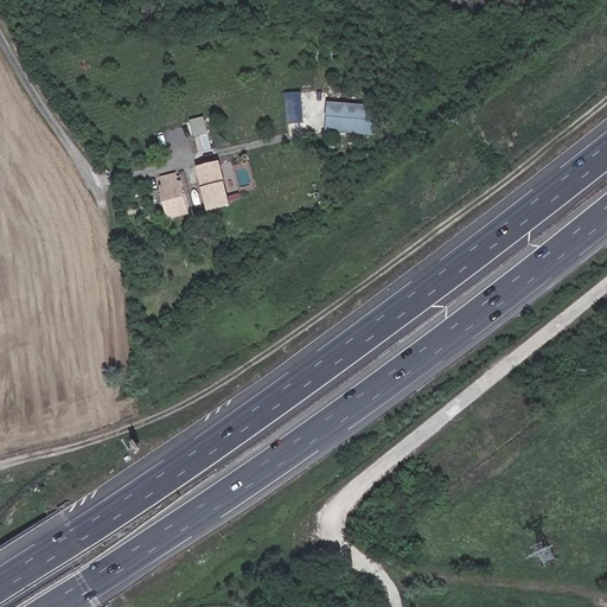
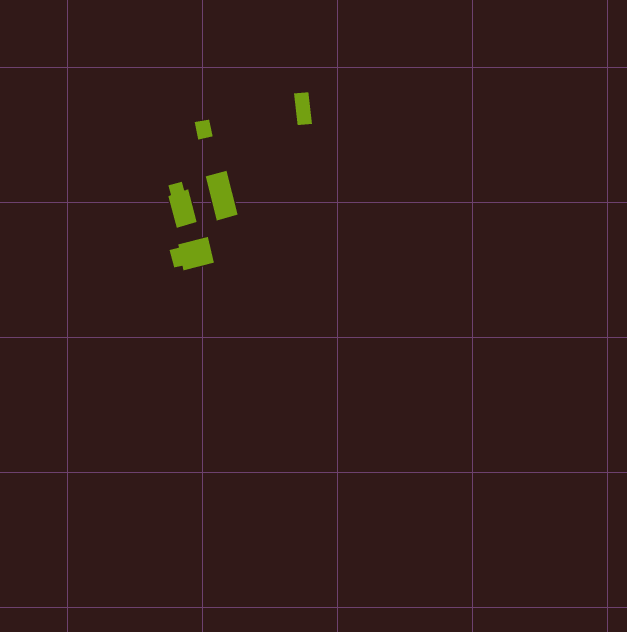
building: [321,98,375,132] -> none
building: none -> [169,236,215,271]

